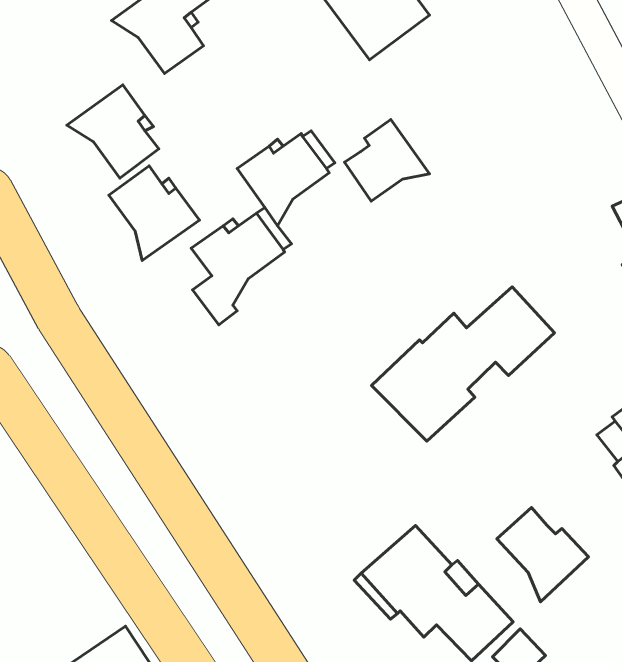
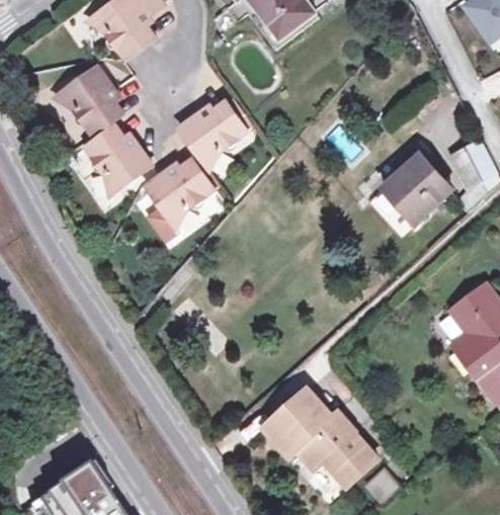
building: [345,120,429,201] -> none
building: none -> [381,152,449,221]
building: [372,287,554,441] -> none
building: [497,508,588,602] -> none

